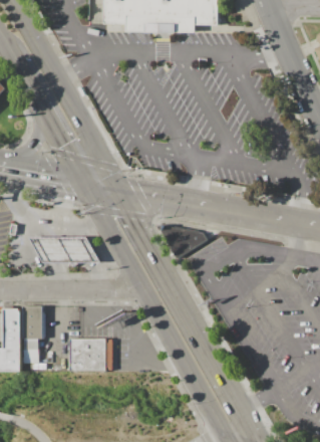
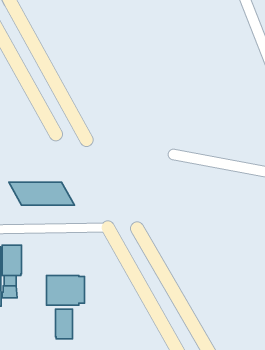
building: [156,224,207,257] -> none
building: none -> [56,309,72,339]

